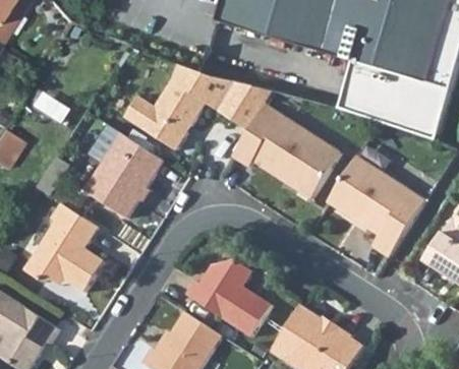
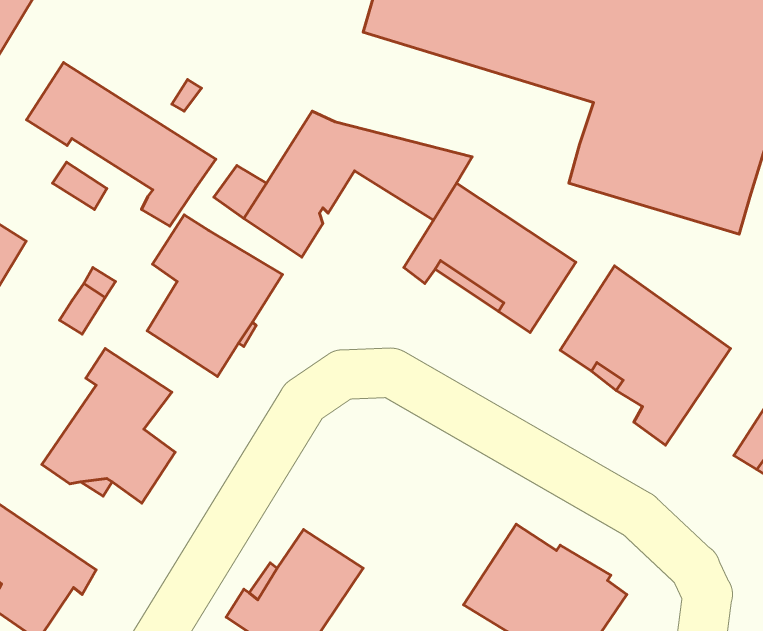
building: none -> [27,62,216,226]
building: [194,263,277,337] -> none

